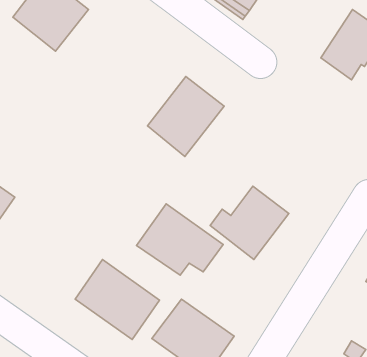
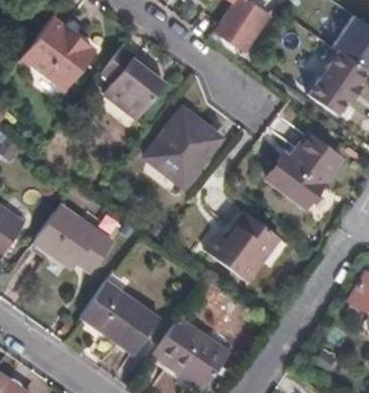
building: none -> [102,45,166,118]
building: none -> [270,137,340,203]
building: [136,204,223,275] -> [34,203,114,269]

